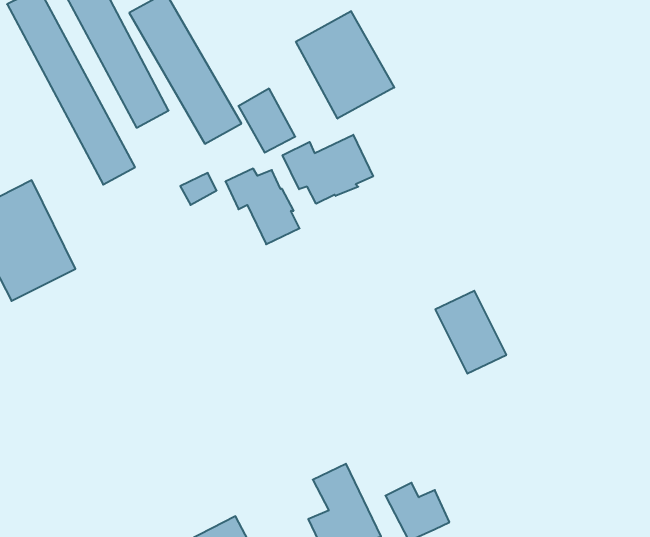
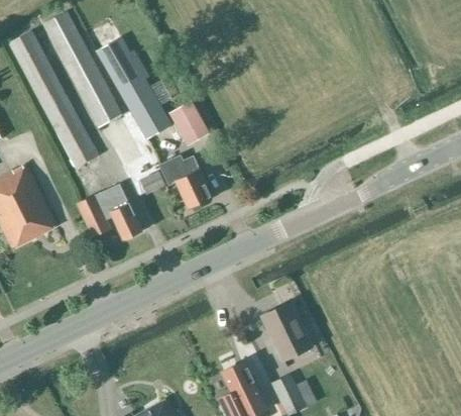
building: [296,11,394,119] -> none
building: [283,135,373,204] -> none
building: none -> [78,185,141,239]
building: [435,291,506,374] -> [262,303,312,360]

